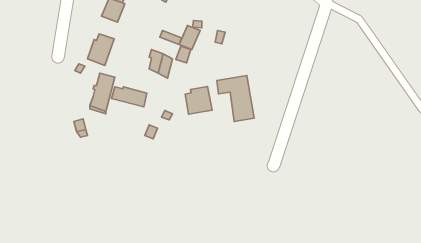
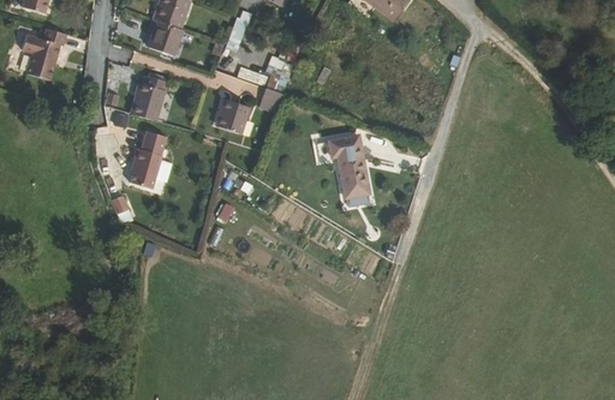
building: none -> [25,29,68,82]
building: [185,86,212,114] -> none
building: [112,87,147,107] -> none

